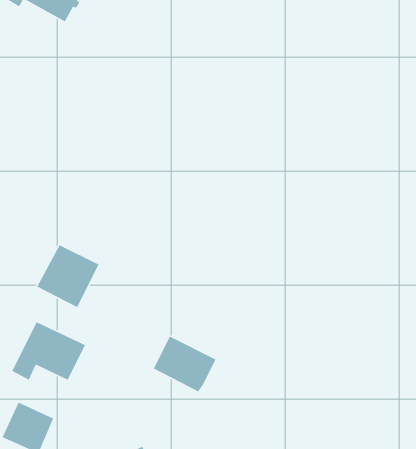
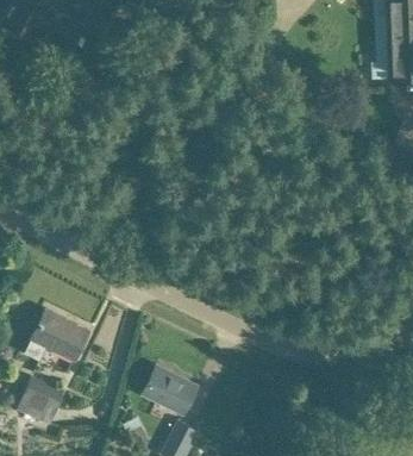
building: [36,244,99,308] -> none
building: [153,336,216,392] -> [142,366,196,414]

